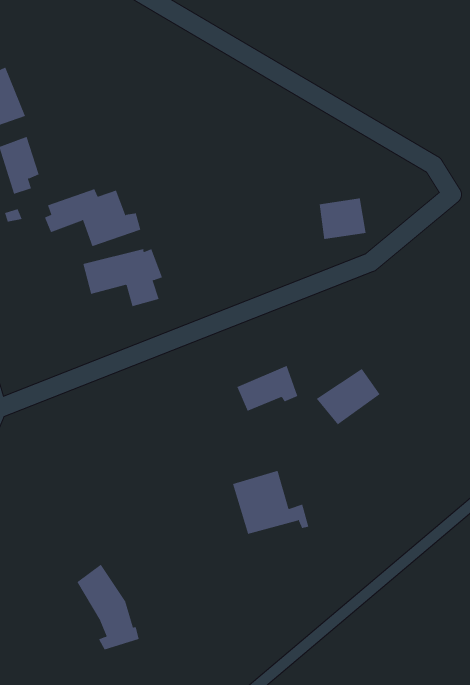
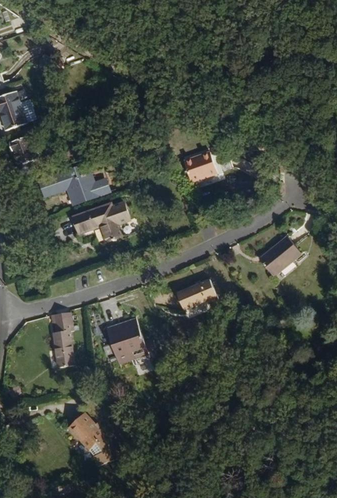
building: [319,198,367,239] -> [187,155,218,182]
building: [316,368,381,425] -> [258,245,300,282]
building: none -> [49,310,69,369]
building: [232,470,309,535] -> [101,322,151,364]

